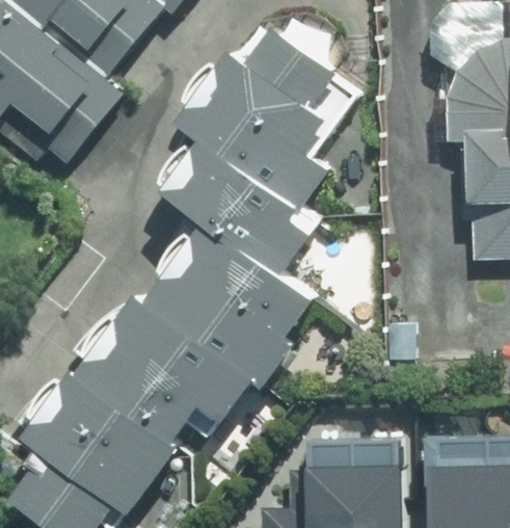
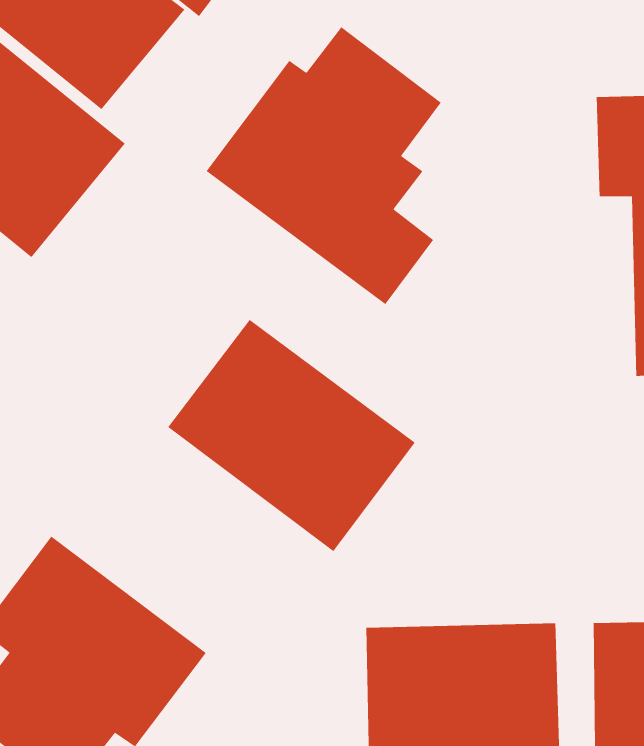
building: [164,138,318,273] -> none
building: [77,288,259,459] -> none

